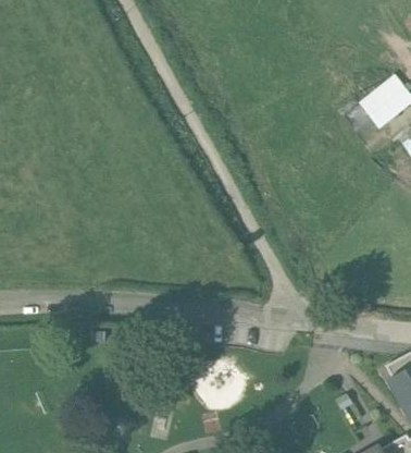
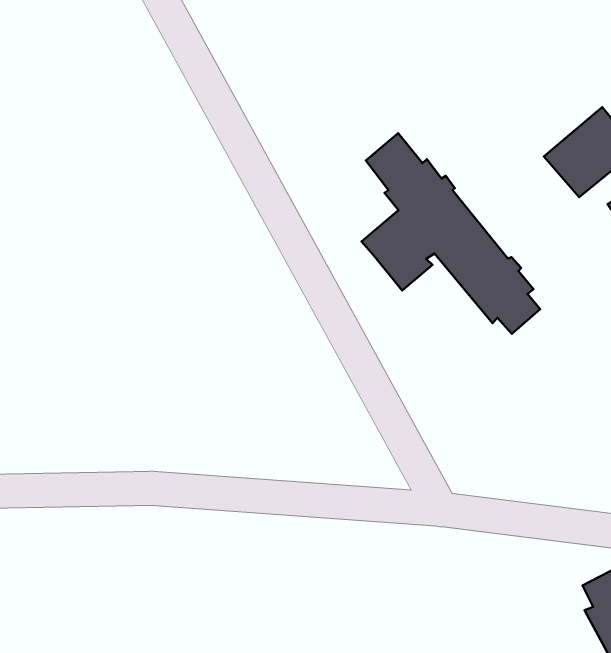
building: none -> [361,133,540,334]

